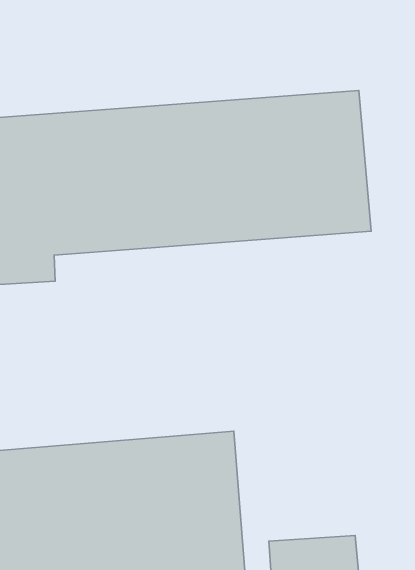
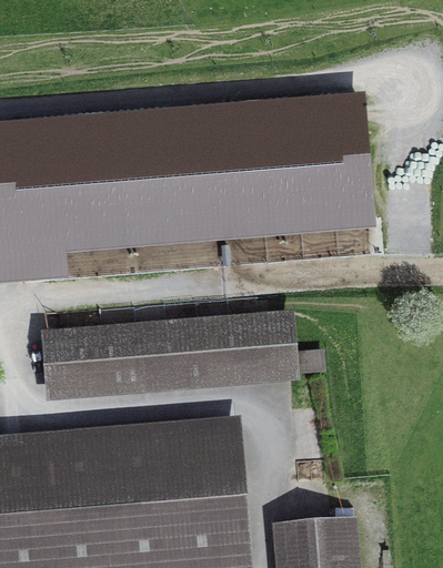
building: none -> [43,317,324,405]

